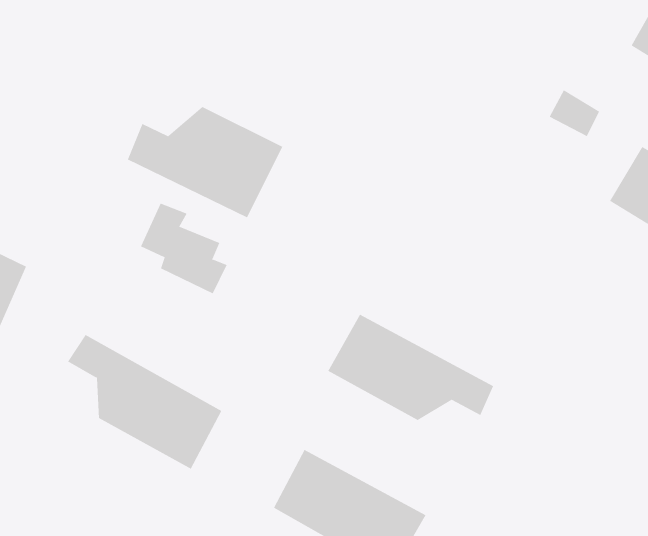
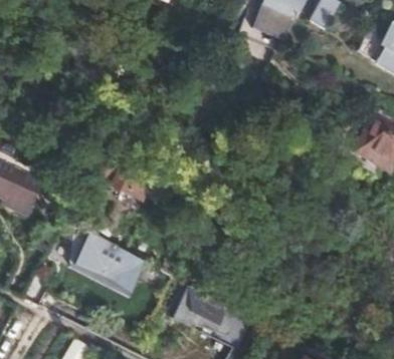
building: [127,106,283,218] -> none
building: [327,314,494,421] -> none

